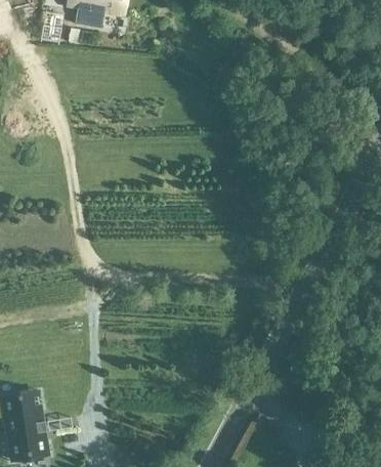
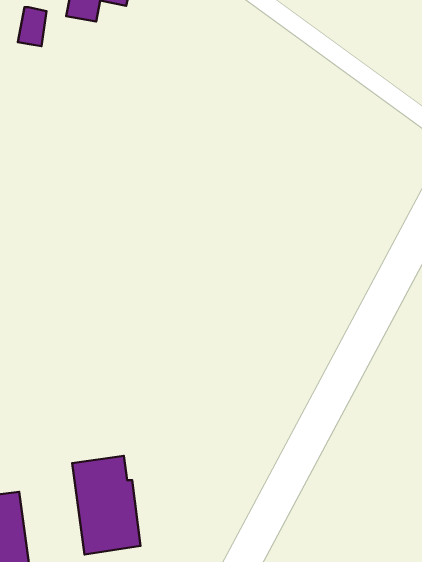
building: none -> [72,456,141,555]

